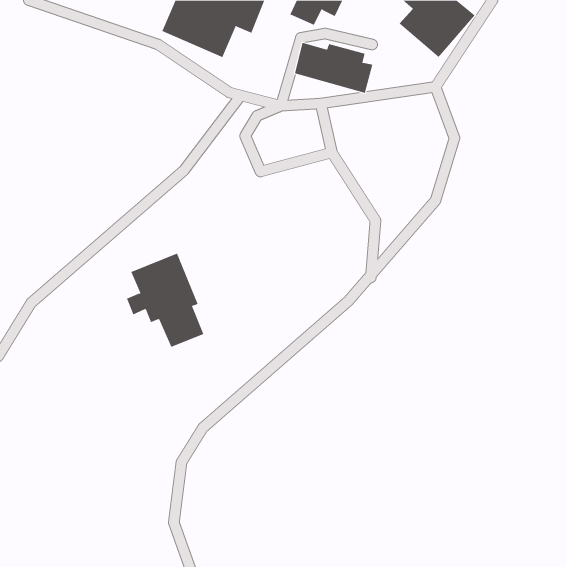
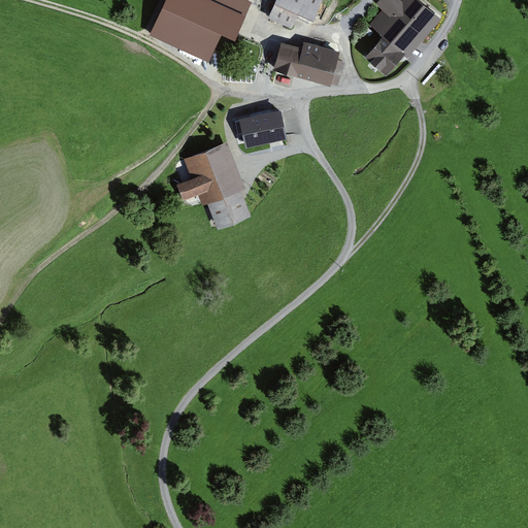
building: none -> [363,35,402,74]
building: none -> [239,108,285,146]
building: [126,253,204,347] -> [178,139,251,227]

